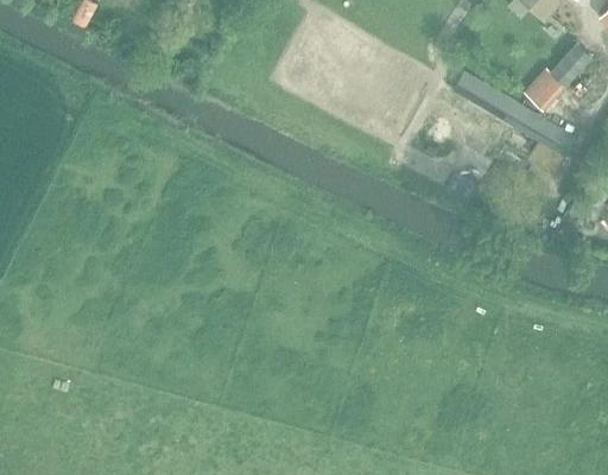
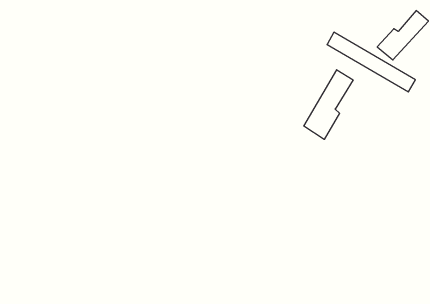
building: none -> [304,70,353,139]

